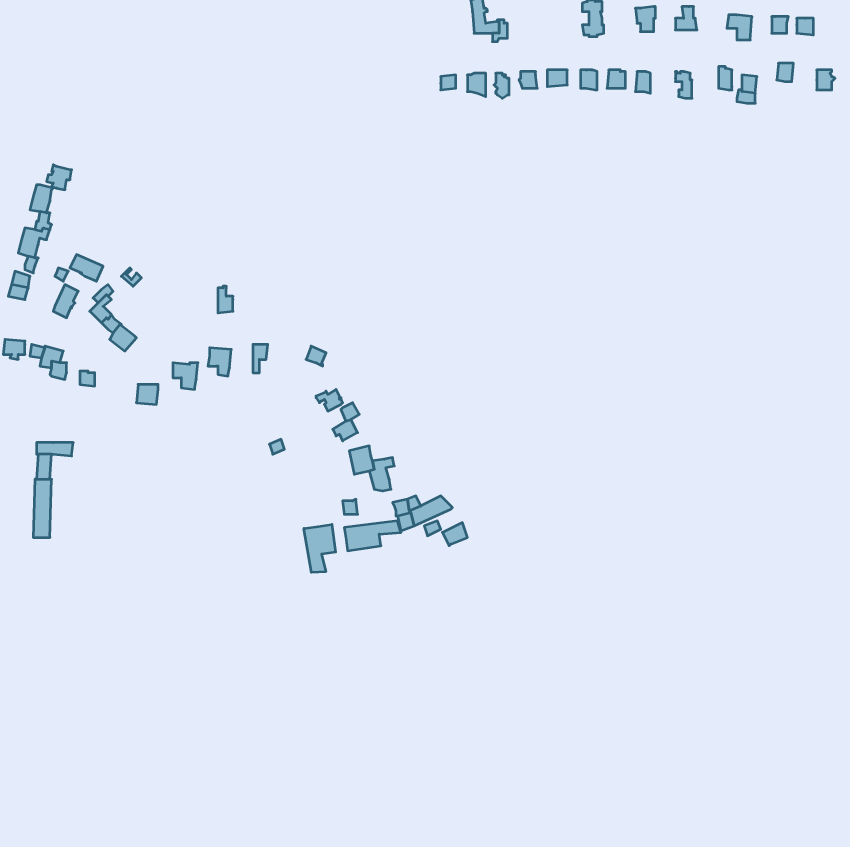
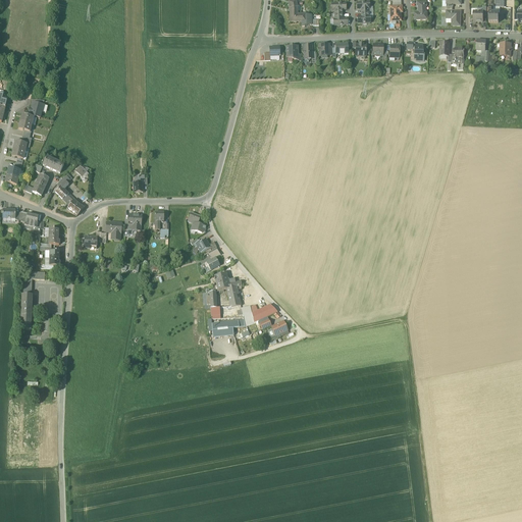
building: [304,524,336,572] -> none

